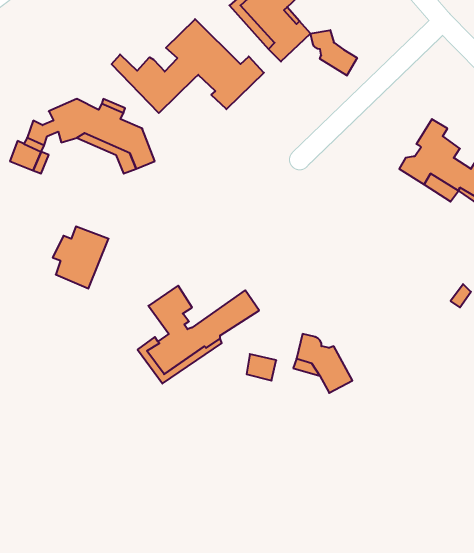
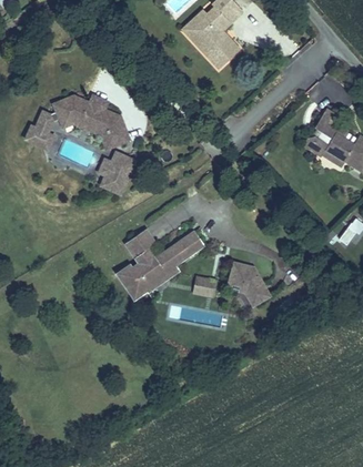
building: [112,19,264,113] -> none
building: [310,30,357,76] -> none
building: [53,226,109,289] -> [95,153,135,197]

